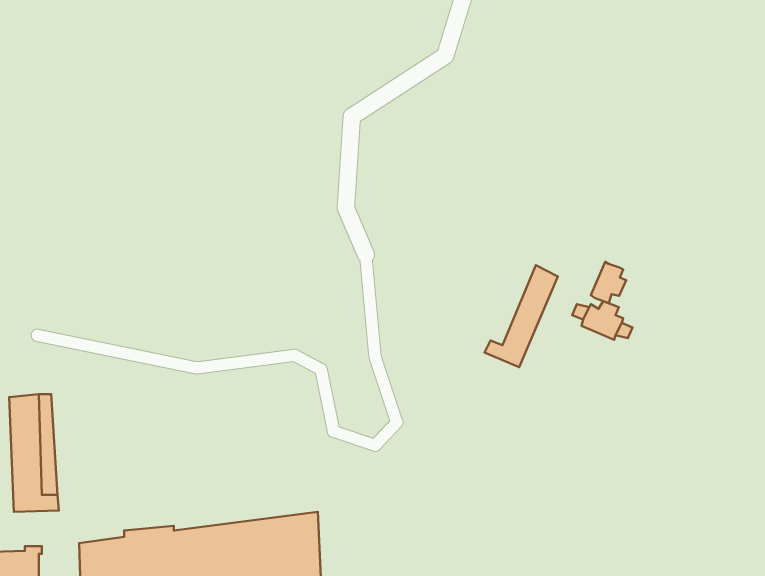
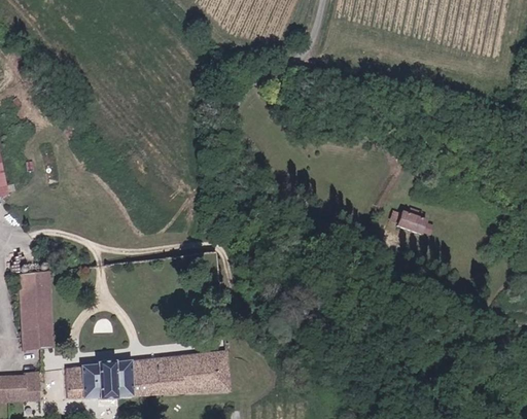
building: [591,262,626,303] -> none
building: [484,265,558,367] -> none

